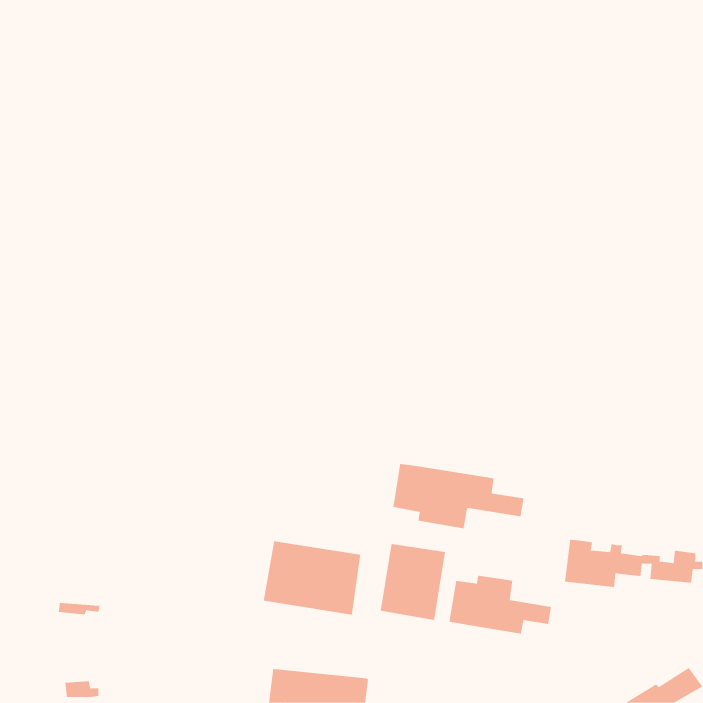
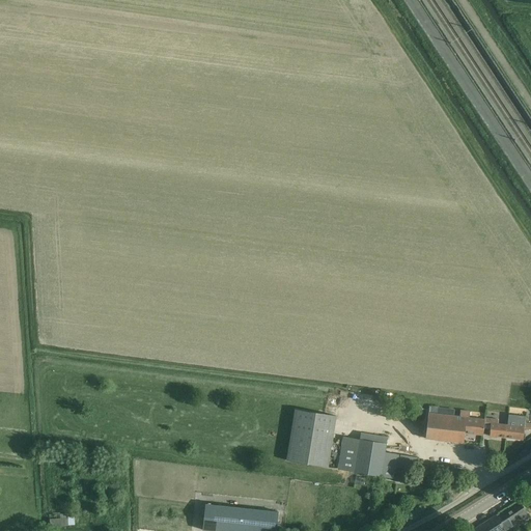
building: [393,463,524,529] -> none
building: [263,540,361,616] -> none

